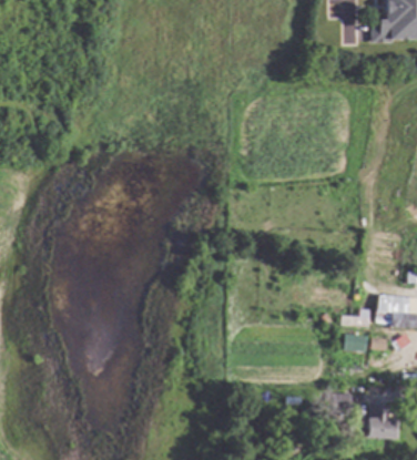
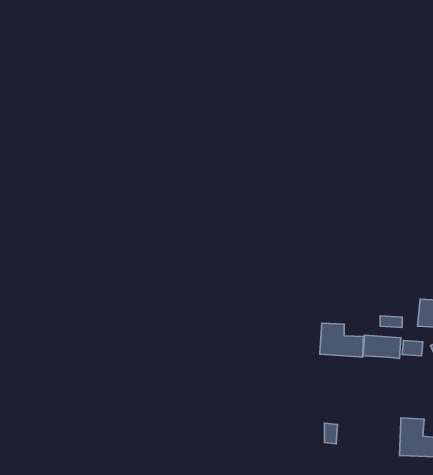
building: none -> [320,323,363,357]

